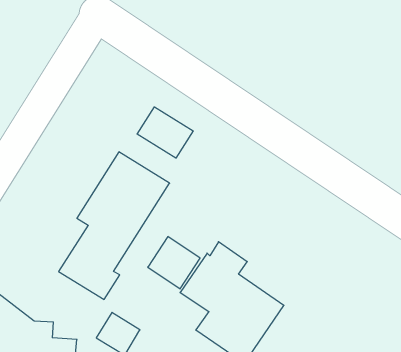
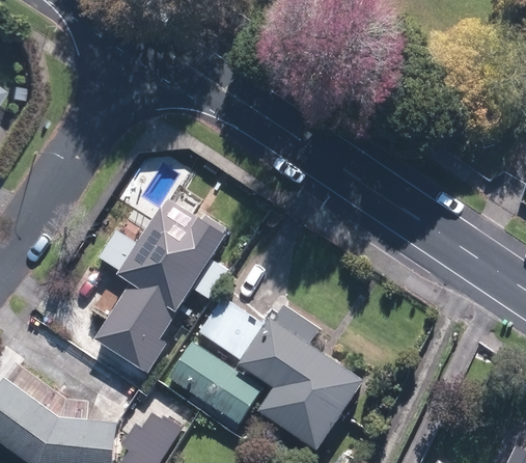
building: [137,107,193,158] -> none
building: none -> [167,343,261,425]

